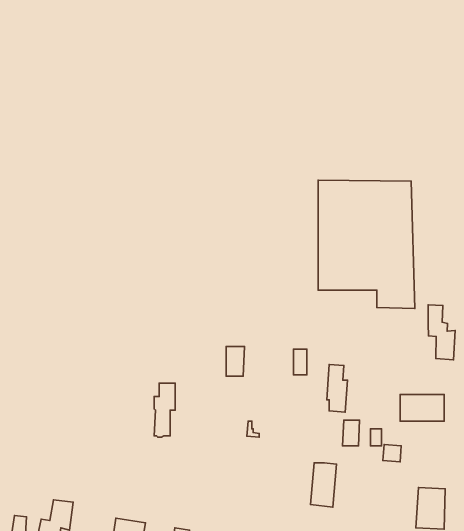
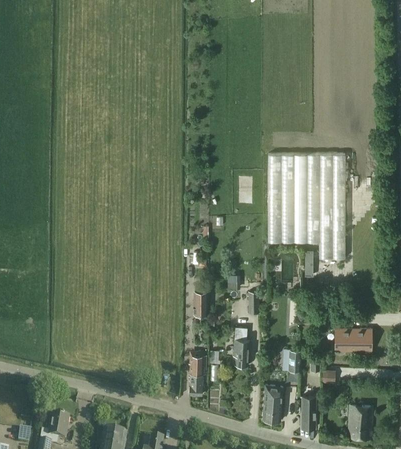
building: [428,305,455,360] -> none
building: [327,364,348,412] -> [233,326,250,365]
building: [154,383,175,437] -> [189,351,206,395]
building: none -> [301,395,315,427]

